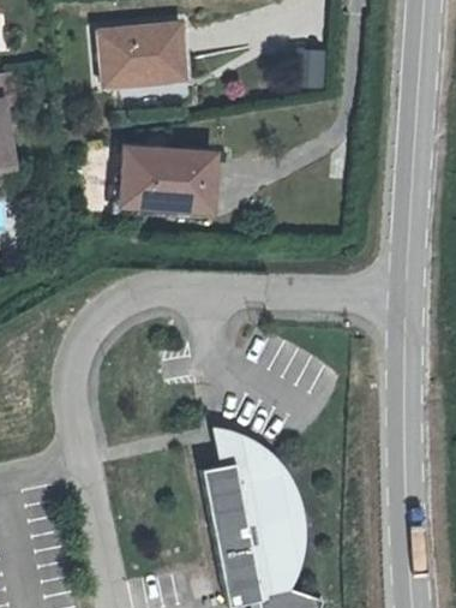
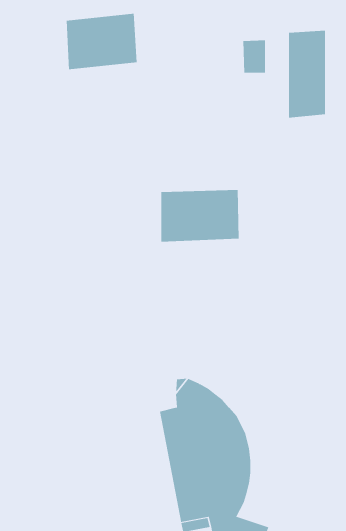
building: none -> [289,30,326,119]
building: [125,151,214,210] -> [160,190,240,242]

